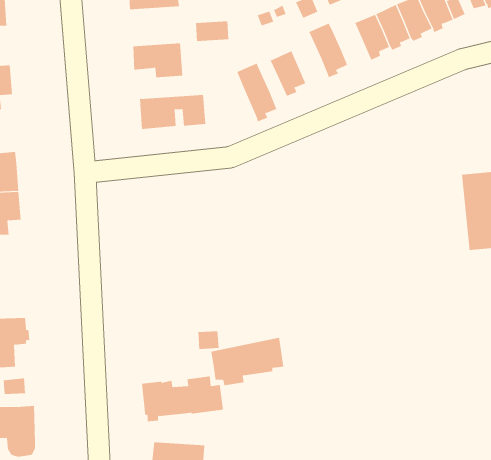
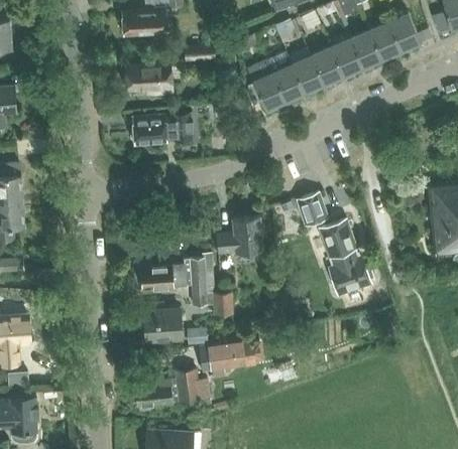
building: none -> [311,46,343,89]
building: [236,63,277,122] -> [267,51,305,106]
building: none -> [297,192,327,226]
building: none -> [216,216,263,255]
building: none -> [318,219,370,295]
building: none -> [140,254,234,316]
building: none -> [143,309,184,340]

